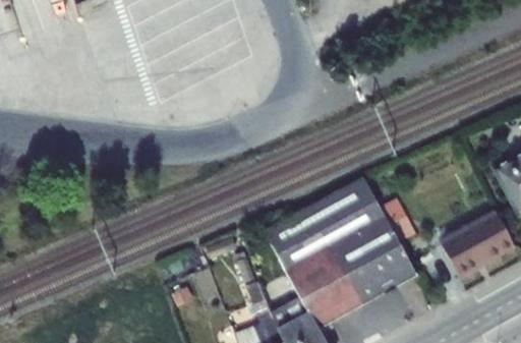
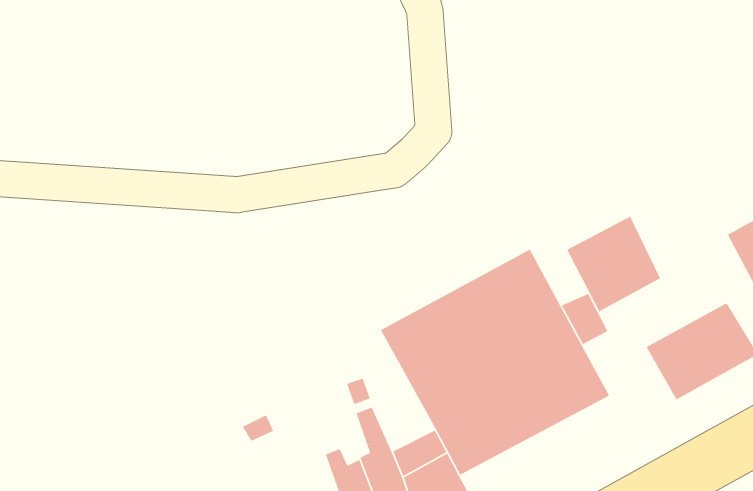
building: none -> [566,215,661,312]

